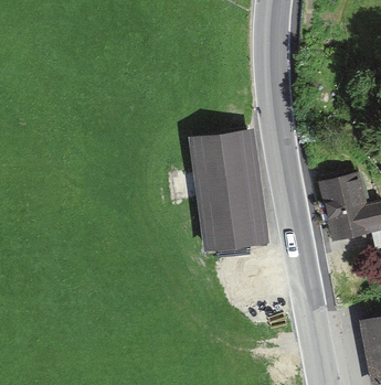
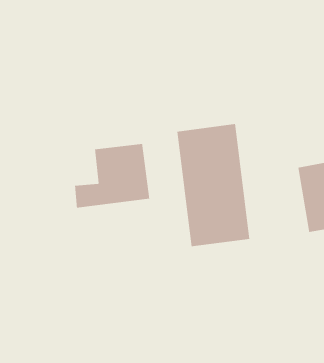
building: none -> [75,143,150,208]

